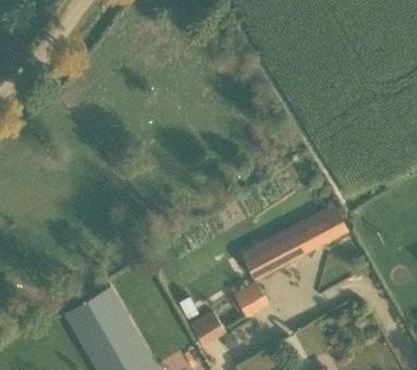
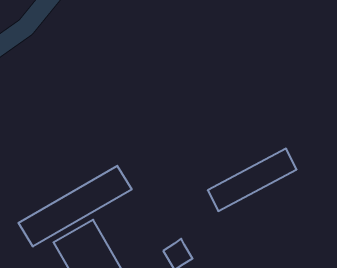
building: none -> [18,166,132,247]
building: [228,280,265,316] -> none

